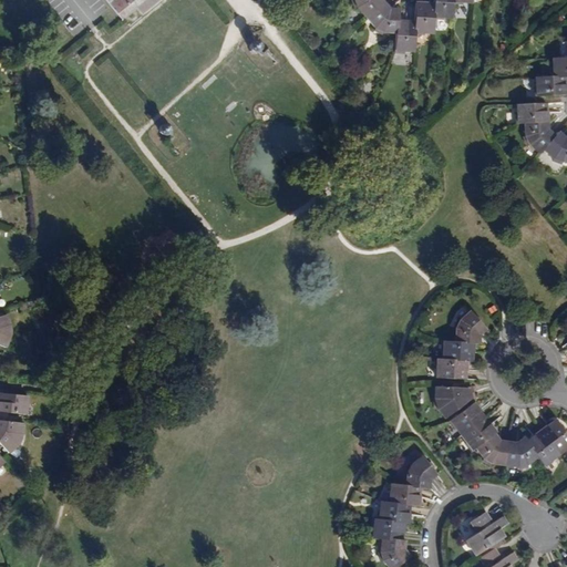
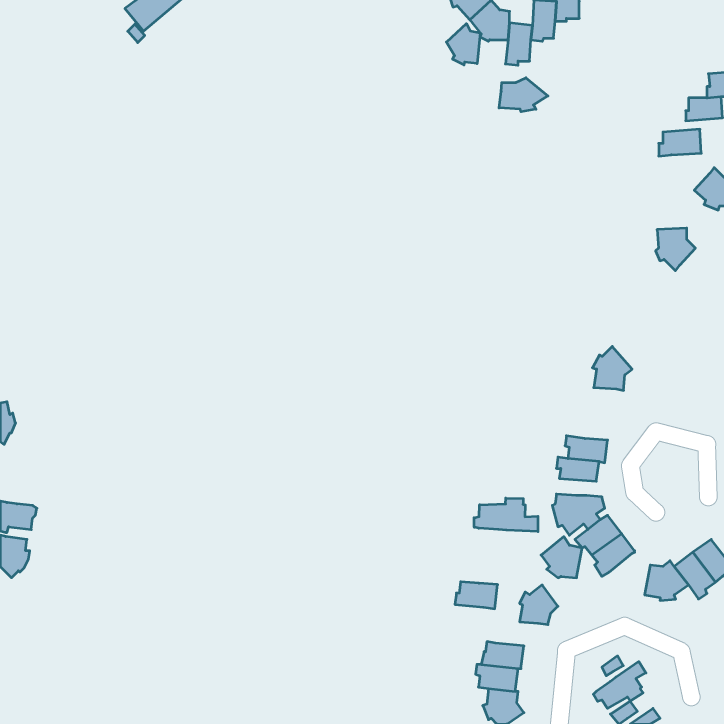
building: none -> [446,24,480,65]
building: none -> [499,78,548,112]
building: [524,120,555,153] -> [656,228,695,271]
building: [456,310,487,344] -> [592,346,632,390]
building: none -> [474,498,538,532]
building: [476,432,508,464] -> [541,537,582,578]
building: [388,484,421,505] -> [455,582,498,609]

